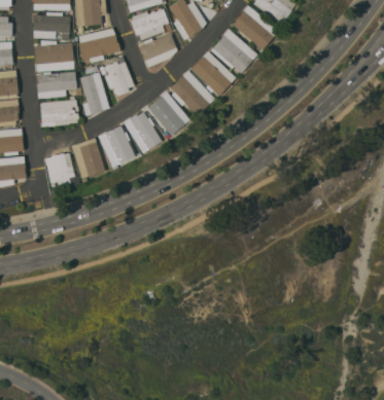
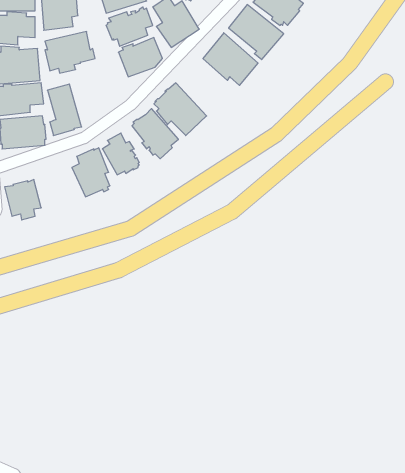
building: [191,51,235,96] -> none
building: [105,61,135,96] -> none
building: [71,137,105,178] -> none

